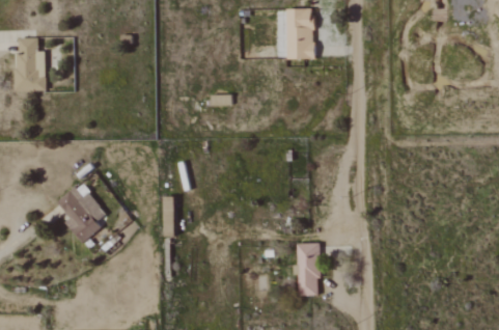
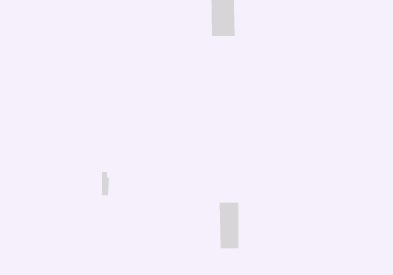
building: [58,184,106,243] -> none

